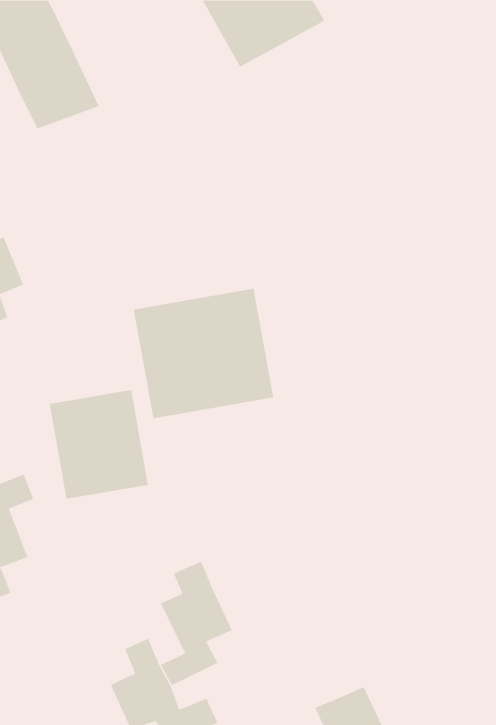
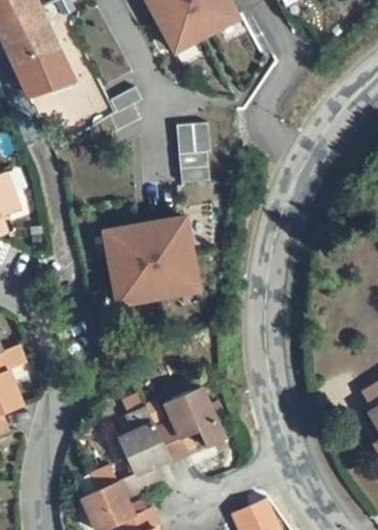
building: none -> [176,121,210,181]
building: [49,389,149,500] -> none
building: none -> [156,387,226,463]

